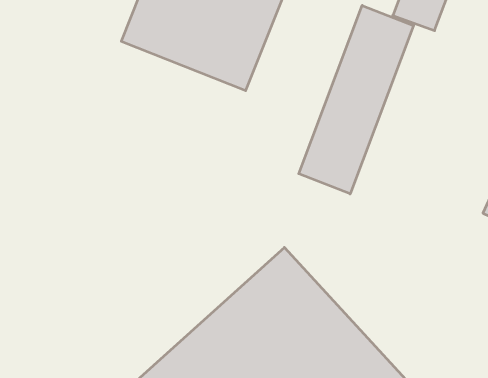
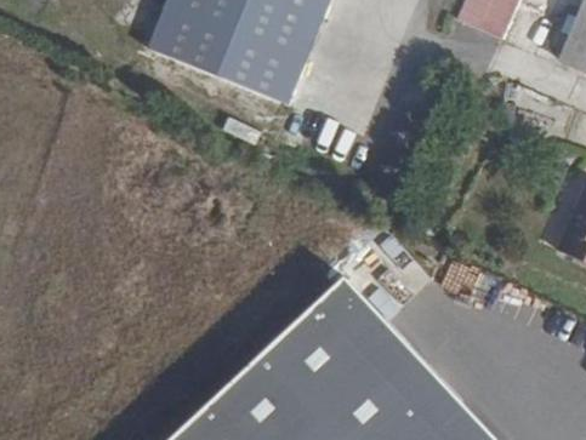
building: [299,5,414,194] -> none

